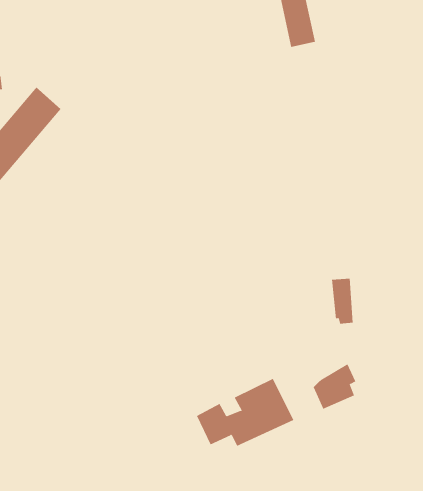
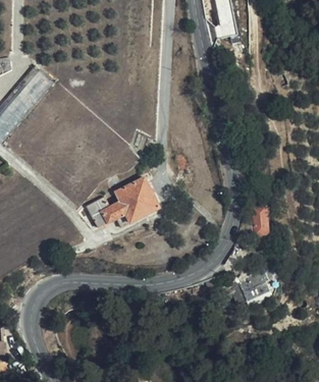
building: [196,378,294,447] -> [88,175,159,225]

